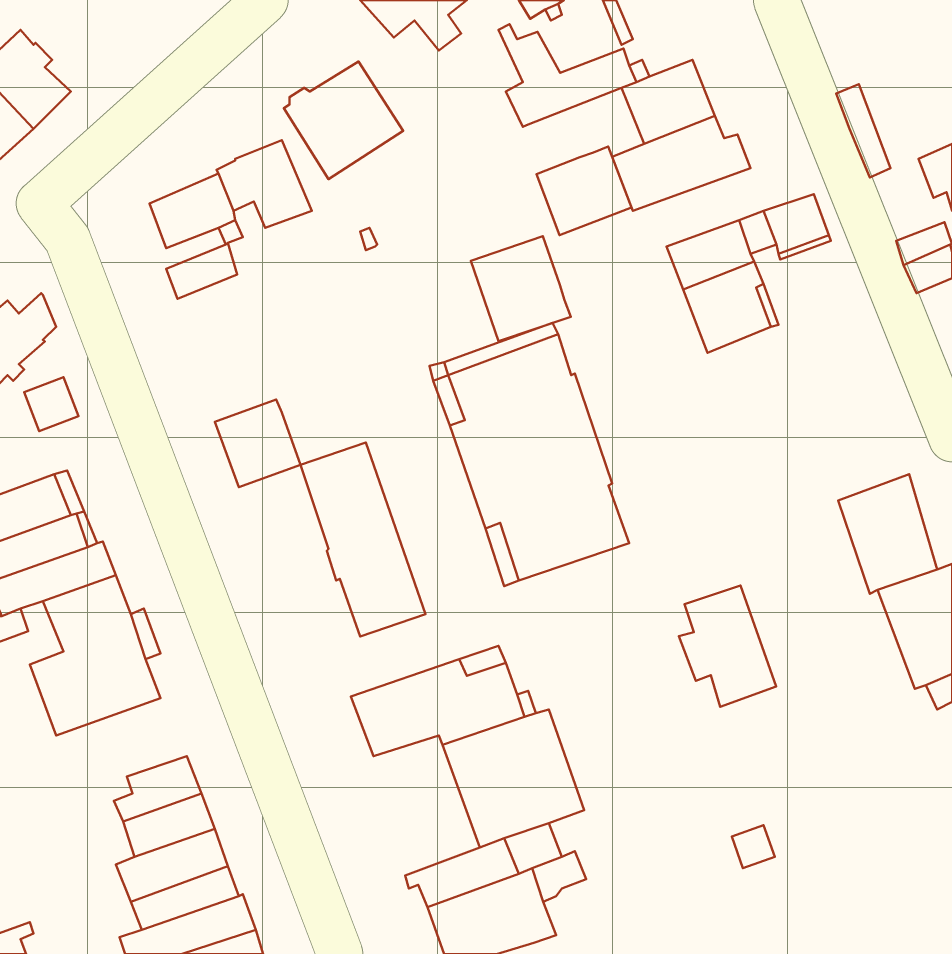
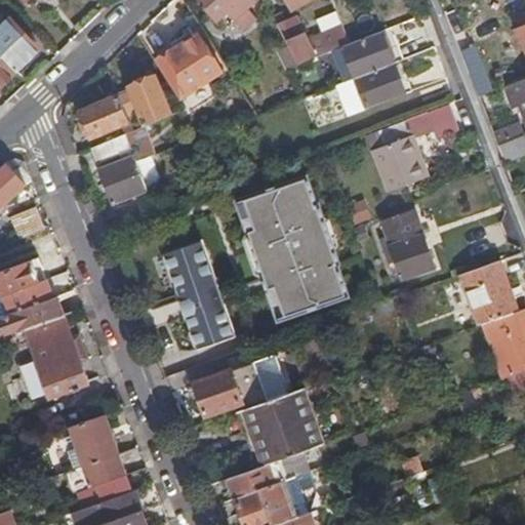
building: [536,146,631,235] -> none
building: [471,236,571,341] -> none
building: [215,400,301,487] -> [98,156,146,204]
building: [679,586,776,707] -> [379,211,433,278]

